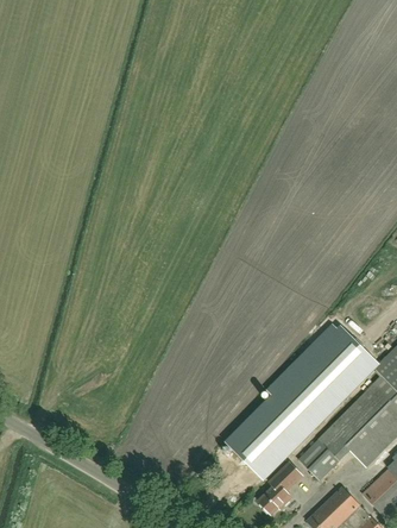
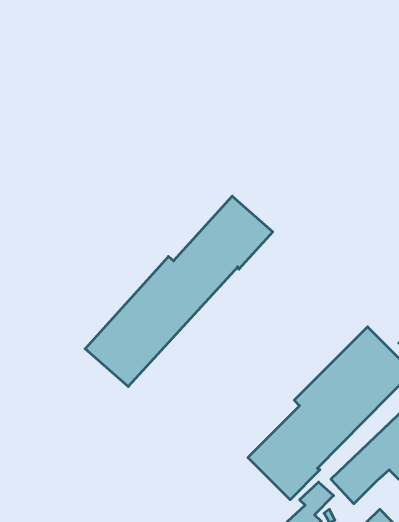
building: none -> [85,196,273,387]

